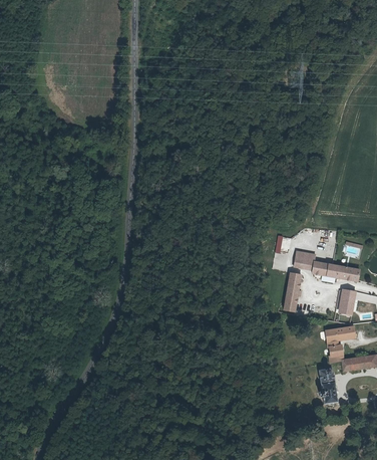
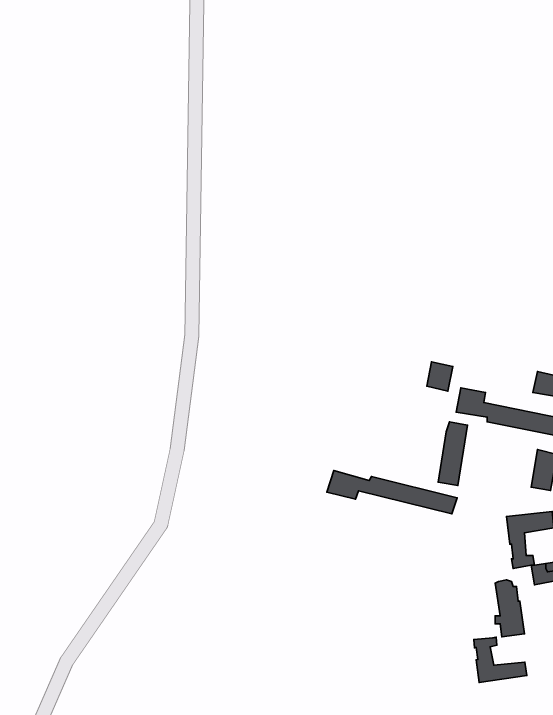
building: none -> [327,470,457,514]
building: none -> [474,637,527,682]

